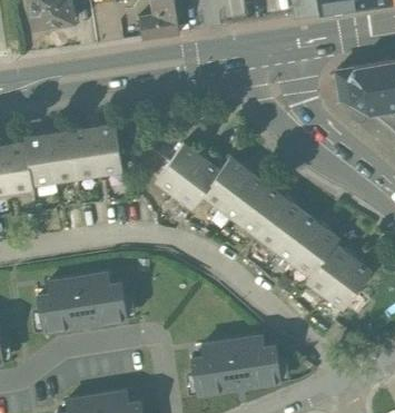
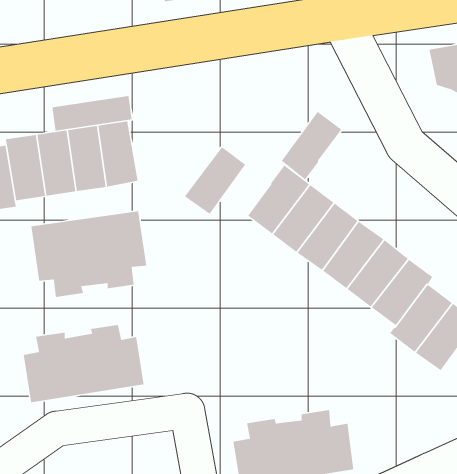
building: none -> [51,95,133,131]
building: [175,156,219,207] -> [281,111,342,181]
building: none -> [30,210,147,298]

